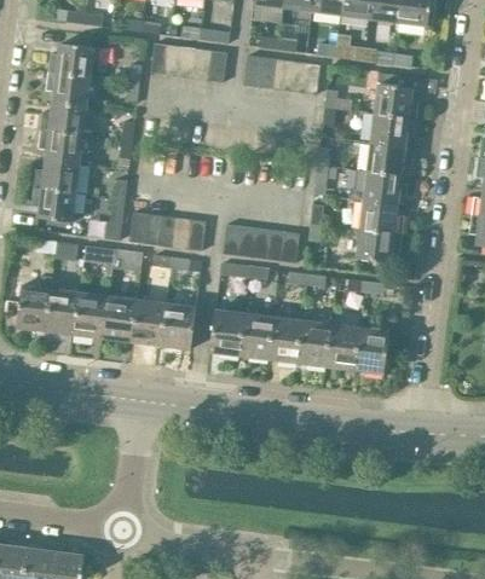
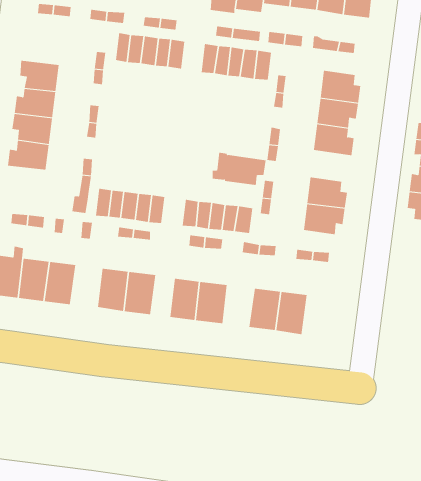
building: [47,45,93,79] -> none
building: [348,169,408,205] -> [212,152,266,186]
building: [30,189,75,222] -> none
building: [102,296,135,342] -> none
building: [267,318,301,364] -> none
building: [353,329,388,376] -> none

